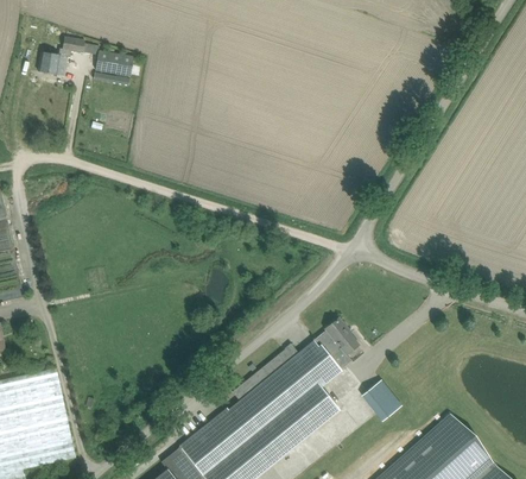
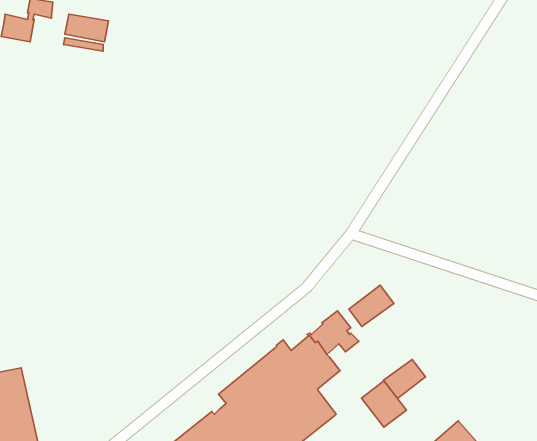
building: none -> [349,285,394,326]
building: none -> [383,360,426,398]

